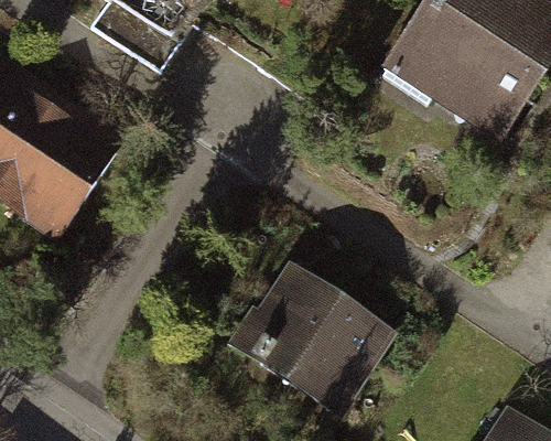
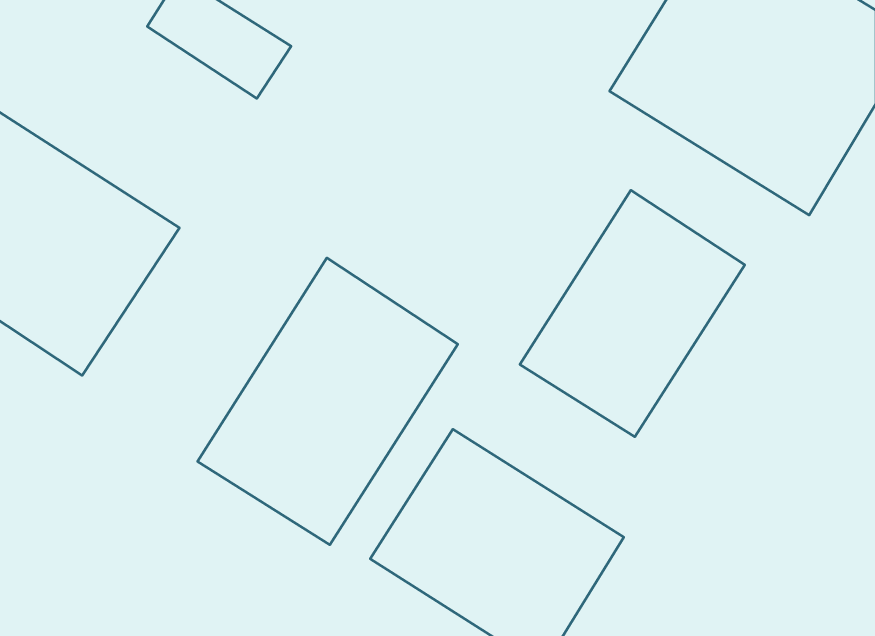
building: none -> [520,190,745,437]
building: none -> [198,258,458,545]

